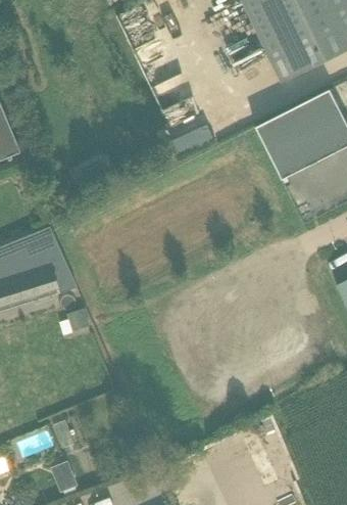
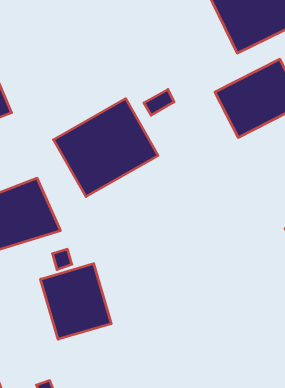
building: none -> [53,99,158,197]
building: none -> [41,264,111,339]

